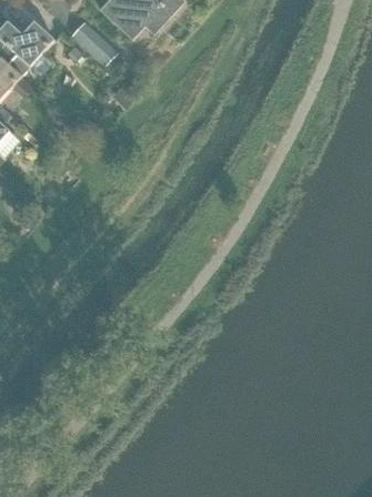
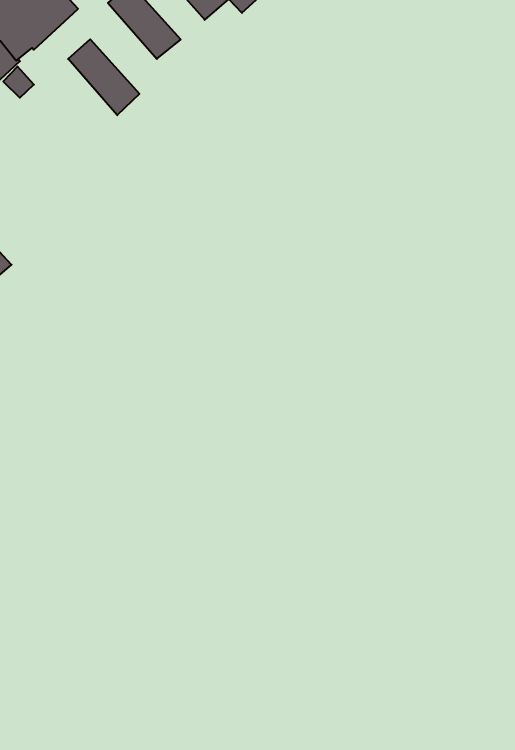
building: none -> [68,39,139,115]

